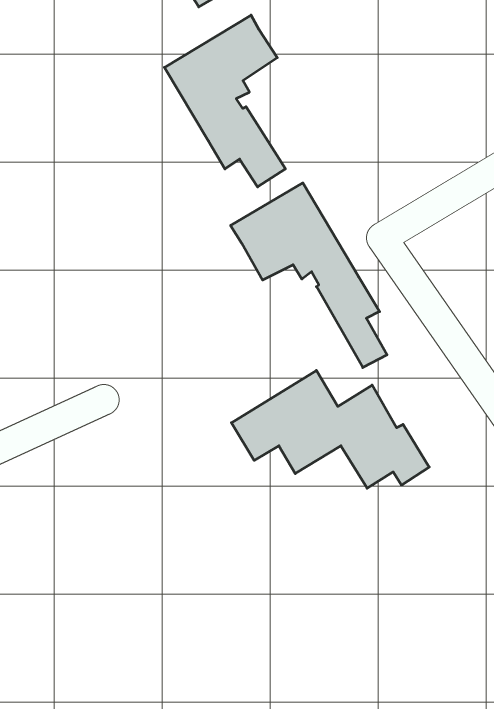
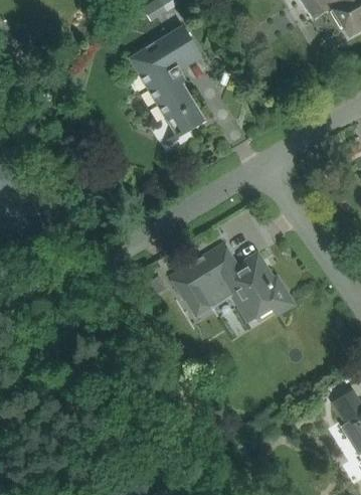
building: [231,183,387,368] -> none

